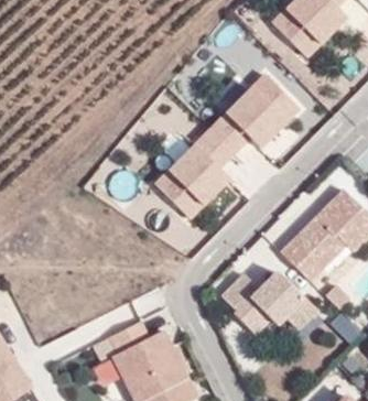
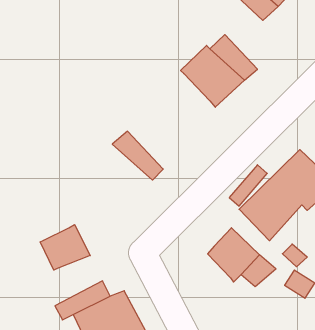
building: [203,112,251,163] -> none
building: [162,141,230,209] -> none
building: none -> [40,225,90,270]
building: [220,275,272,335] -> none

